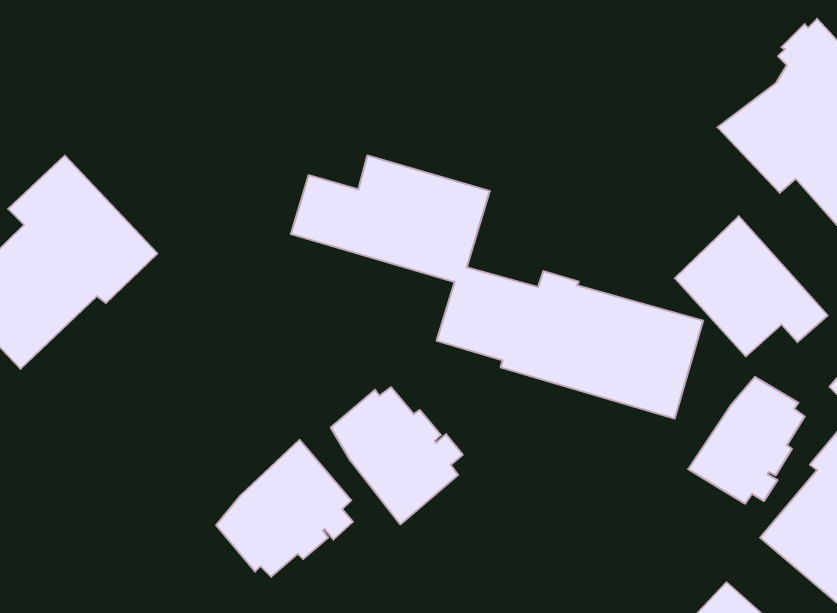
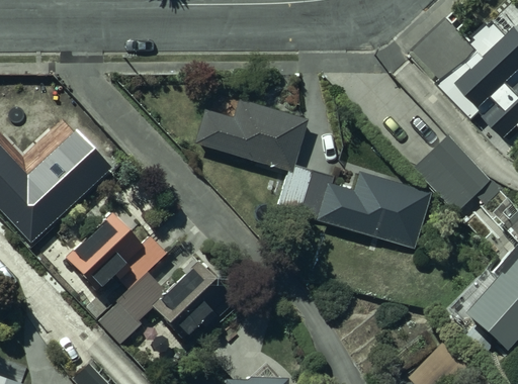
building: none -> [66,213,168,345]
building: [688,377,805,504] -> none
building: [331,387,463,524] -> none

